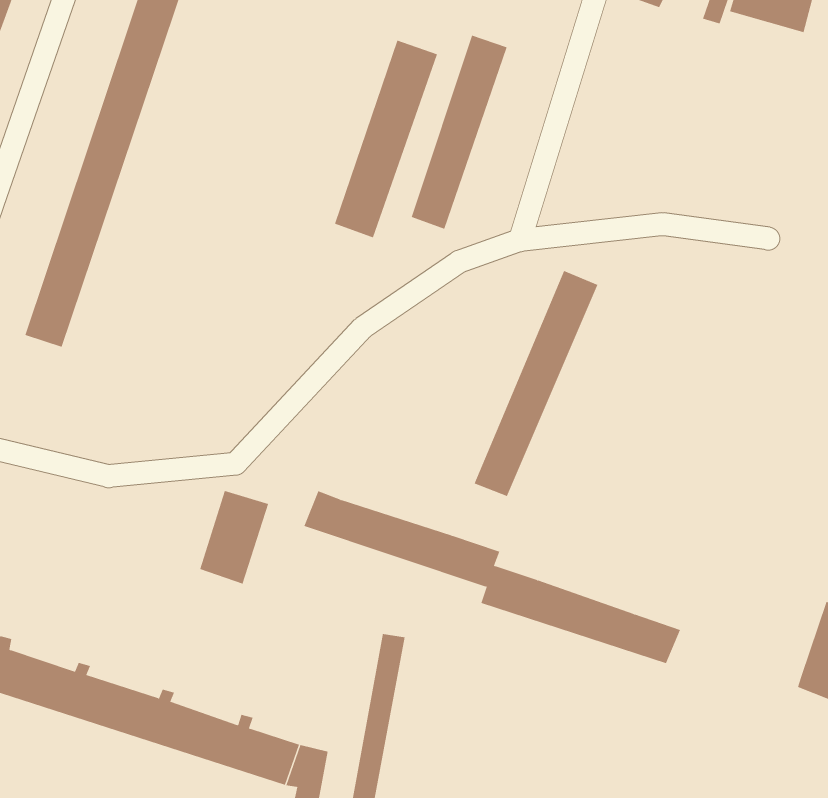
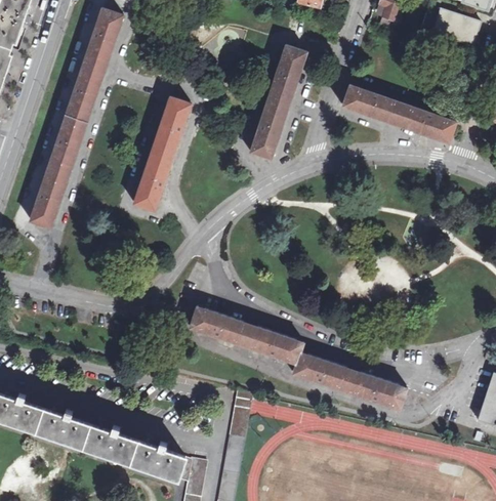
building: [334,40,438,238] -> [131,96,191,210]
building: none -> [343,87,458,145]
building: [474,270,598,497] -> none
building: [199,490,269,585] -> none

